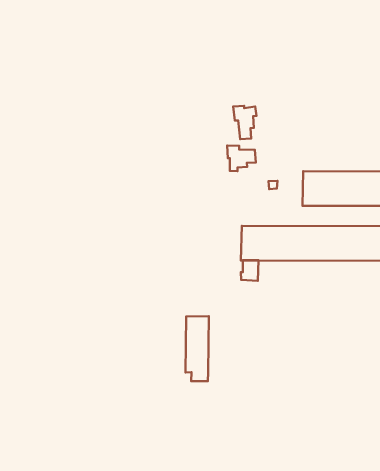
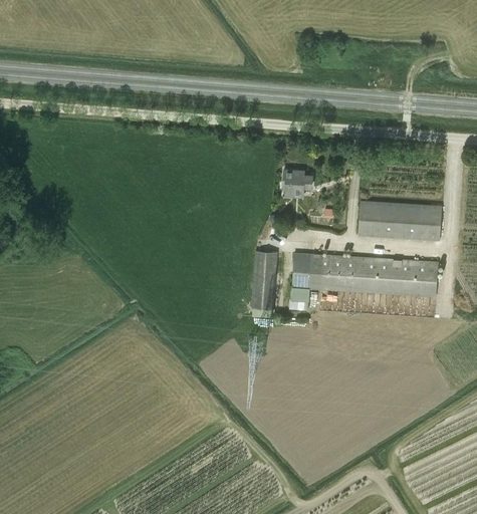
building: [233,106,256,139] -> none
building: [186,316,209,381] -> [250,250,277,317]

